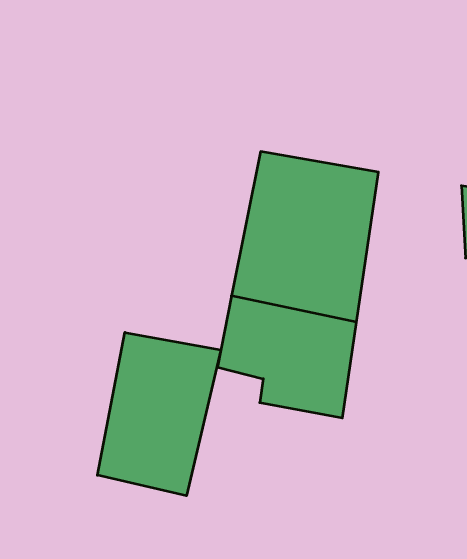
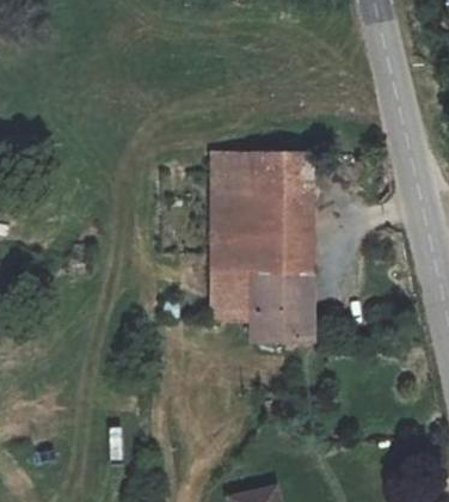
building: [97,332,221,496] -> none

